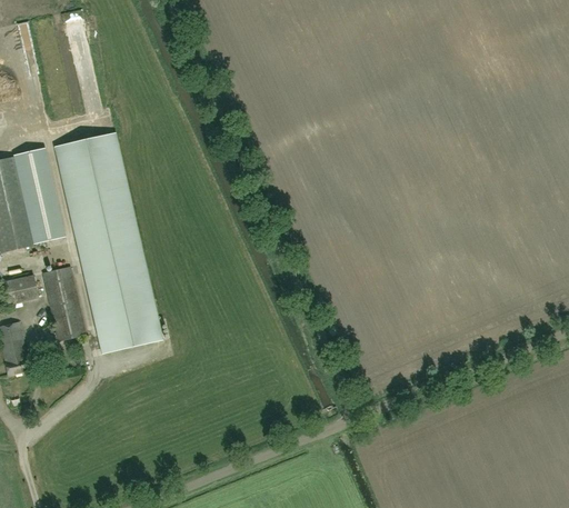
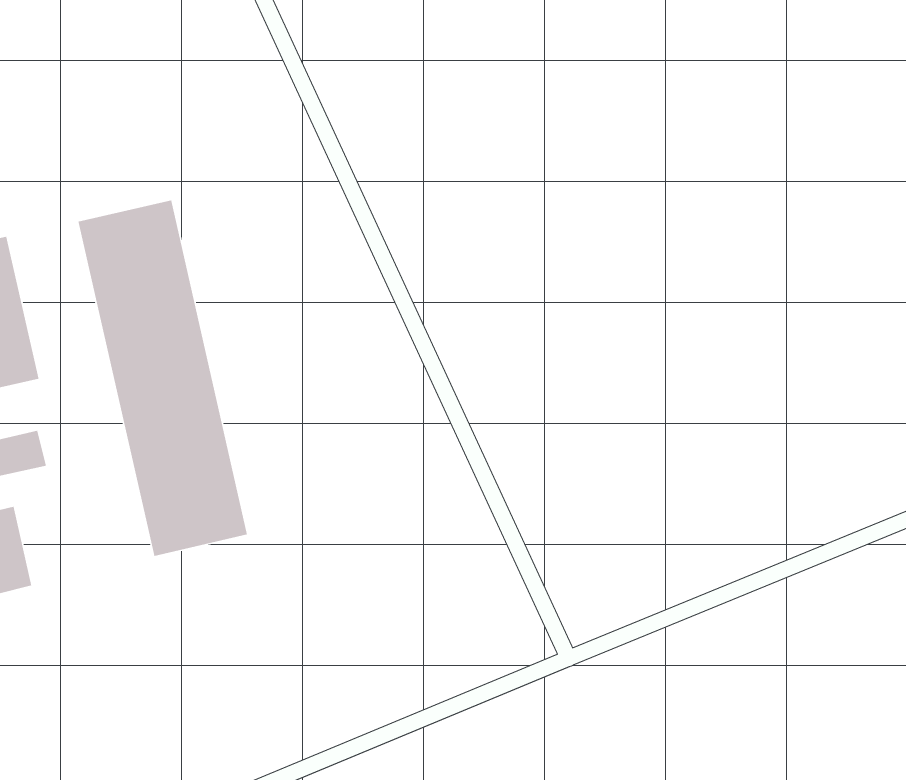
building: [14,148,63,242] -> none
building: [41,267,86,340] -> none

